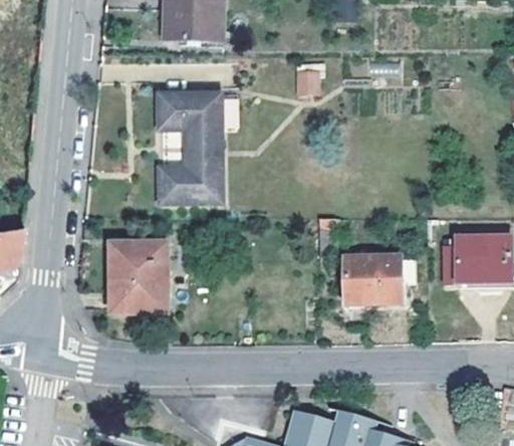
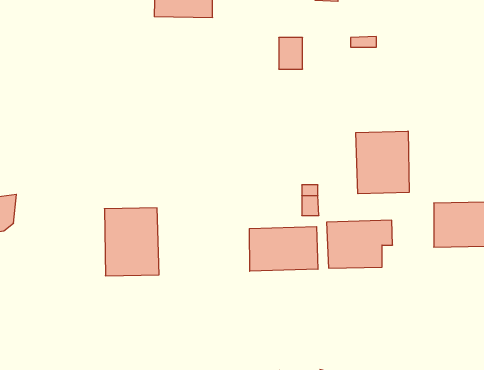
building: [157,92,222,204] -> none
building: none -> [356,131,409,194]
building: none -> [249,227,318,271]

